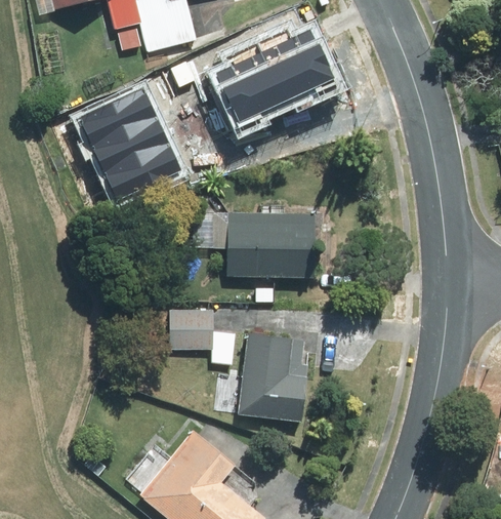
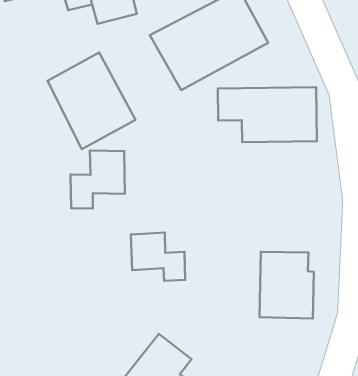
building: none -> [71,151,125,208]
building: [194,208,315,279] -> [218,87,317,142]
building: [237,335,305,420] -> [260,252,314,318]

